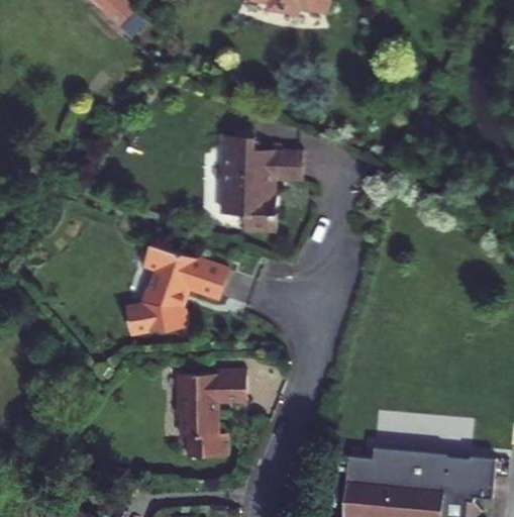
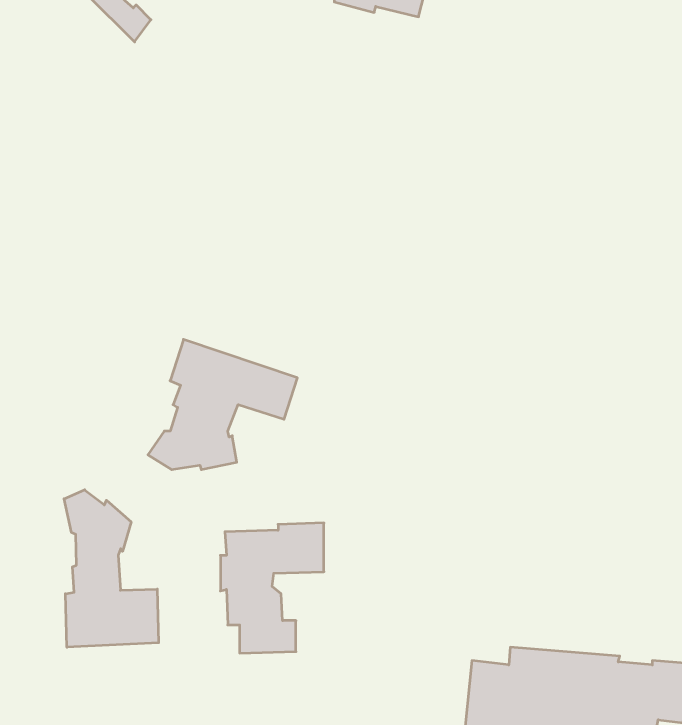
building: [219,129,299,227] -> none
building: none -> [64,490,159,647]

